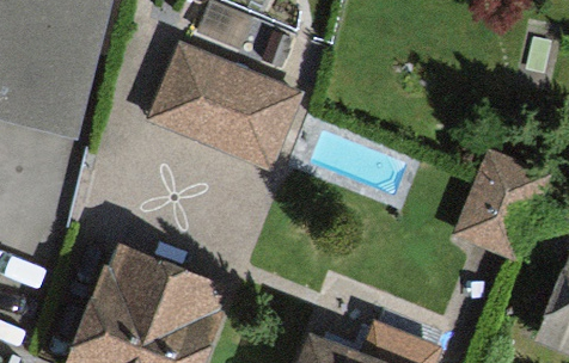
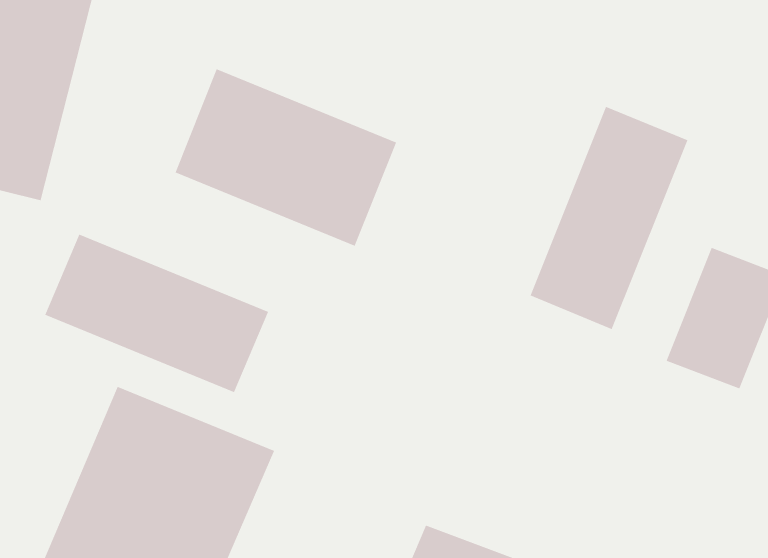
building: none -> [529,106,688,330]
building: none -> [44,234,269,393]

